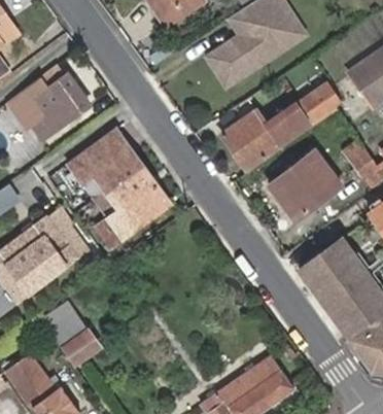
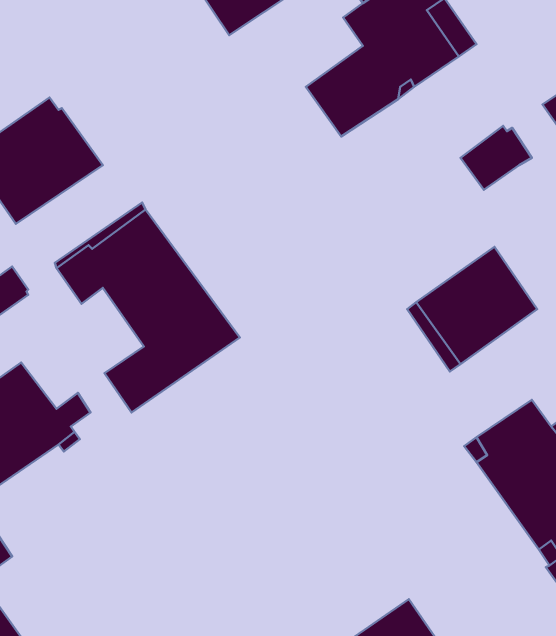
building: [219,103,307,168] -> none
building: [41,303,100,366] -> none

